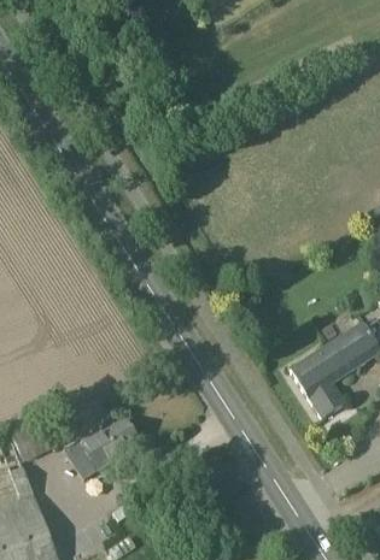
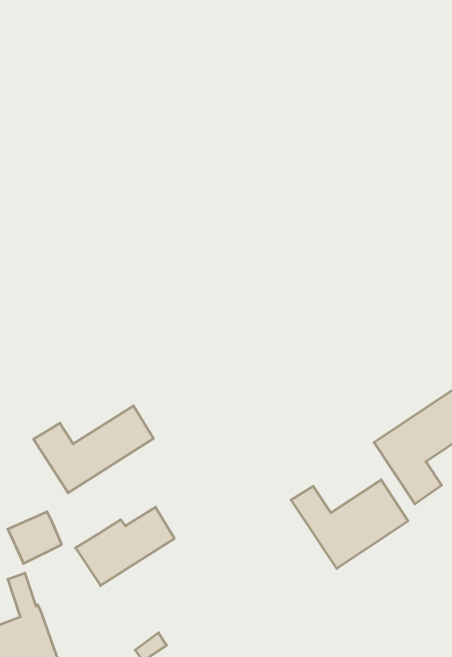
building: none -> [34,406,153,493]
building: none -> [291,480,408,569]

